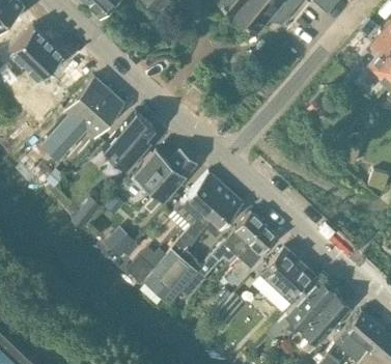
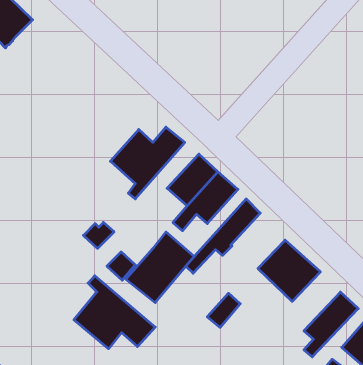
building: [43,78,123,157] -> none
building: [102,112,160,171] -> none
building: [231,225,276,280] -> none
building: [277,280,333,329] -> none
building: none -> [74,276,155,349]

